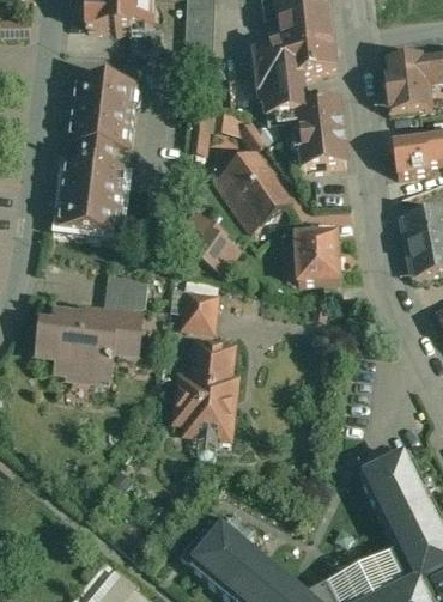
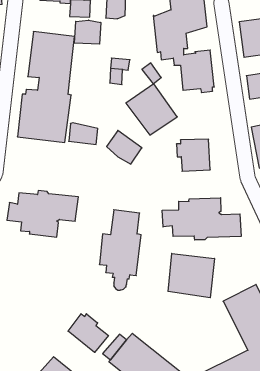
building: none -> [74,20,101,44]
building: [104,272,147,304] -> [69,123,98,144]
building: [182,290,216,328] -> none
building: none -> [162,198,241,240]
building: none -> [168,253,214,298]
building: none -> [68,314,108,352]

